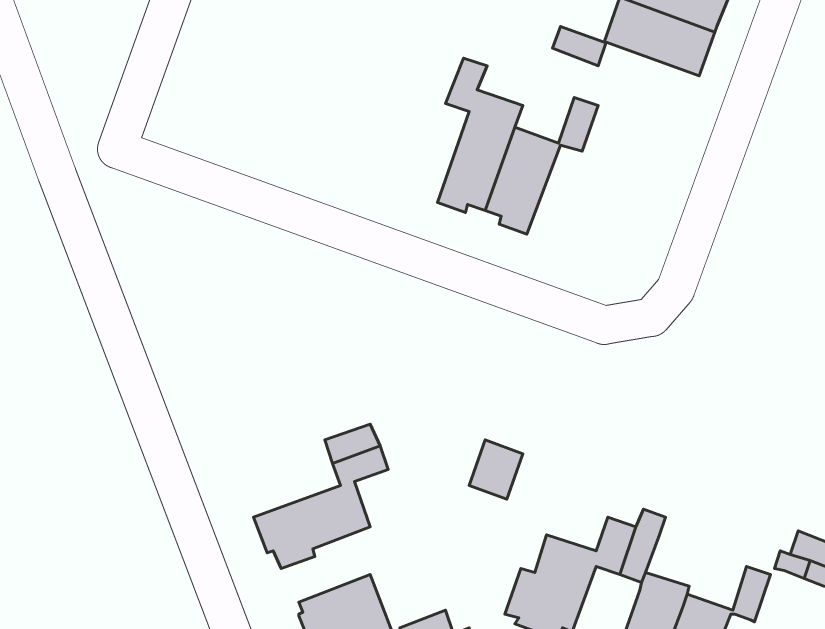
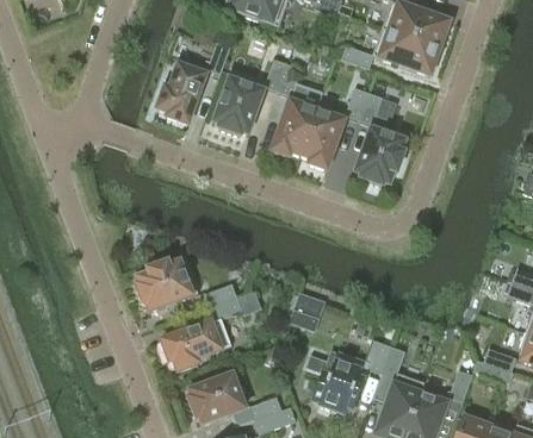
building: none -> [156,42,230,124]
building: none -> [213,58,287,134]
building: none -> [355,92,407,184]
building: none -> [136,259,198,311]

